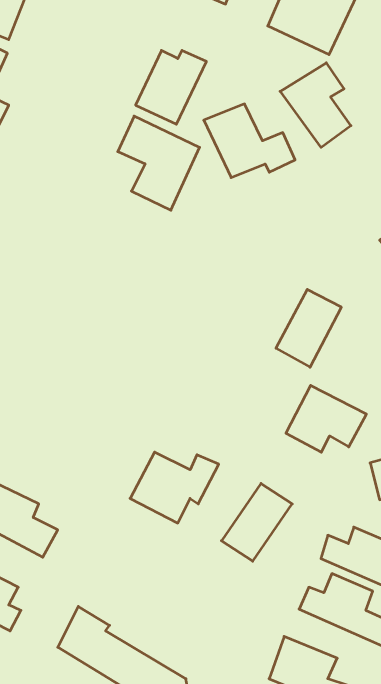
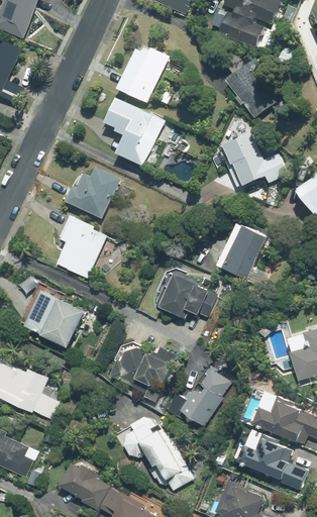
building: [204,104,295,178] -> [219,131,287,186]
building: none -> [65,166,120,217]
building: none -> [55,214,107,278]
building: none -> [23,289,84,346]
building: [286,385,366,452] -> [157,272,217,321]
building: none -> [115,417,194,492]

